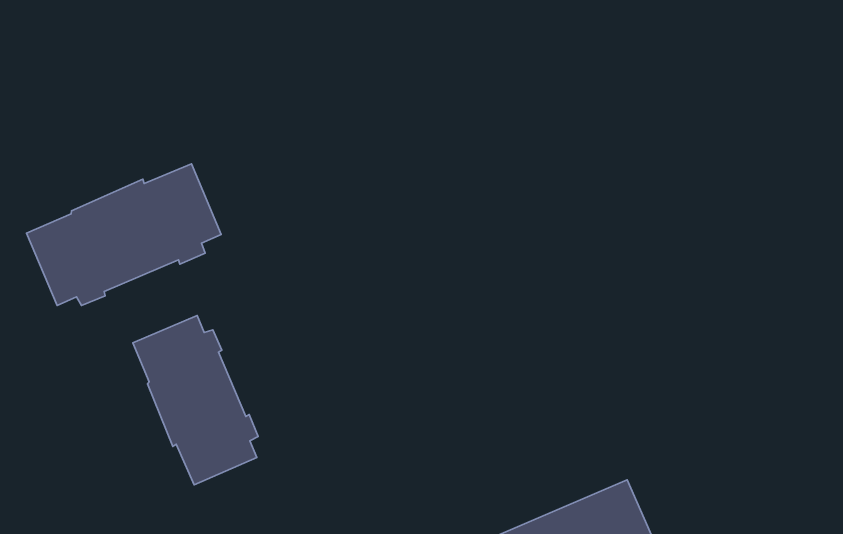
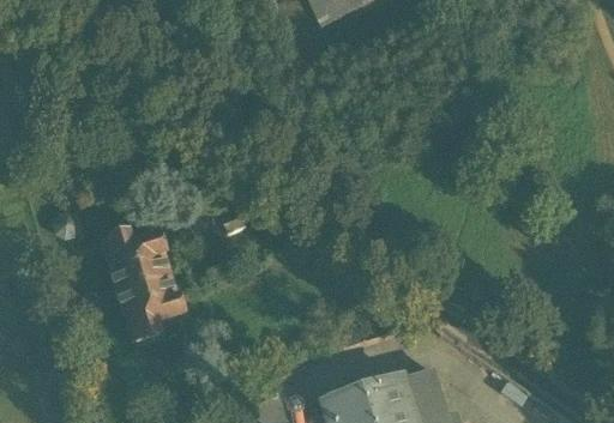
building: [26,164,221,306] -> none

